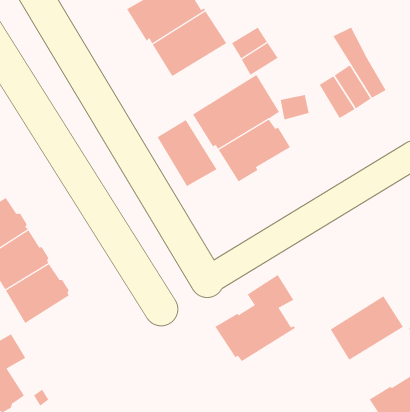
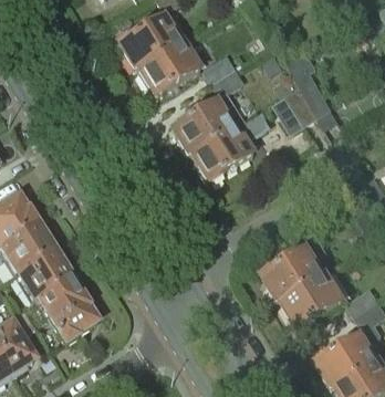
building: [157,119,217,187] -> none
building: [215,274,296,362] -> [262,232,329,304]
building: none -> [38,276,97,342]

